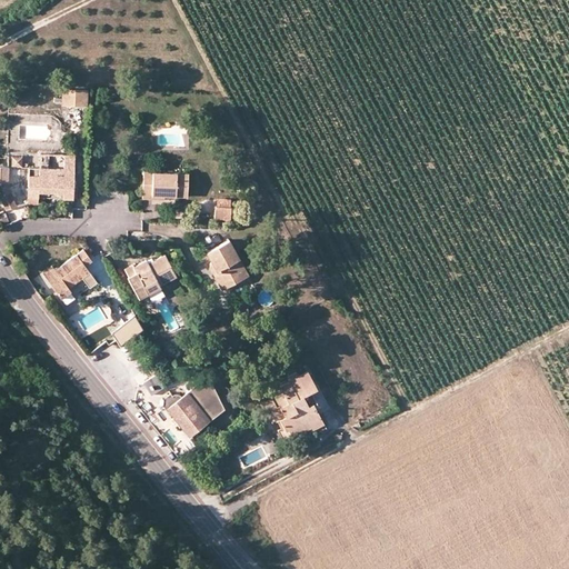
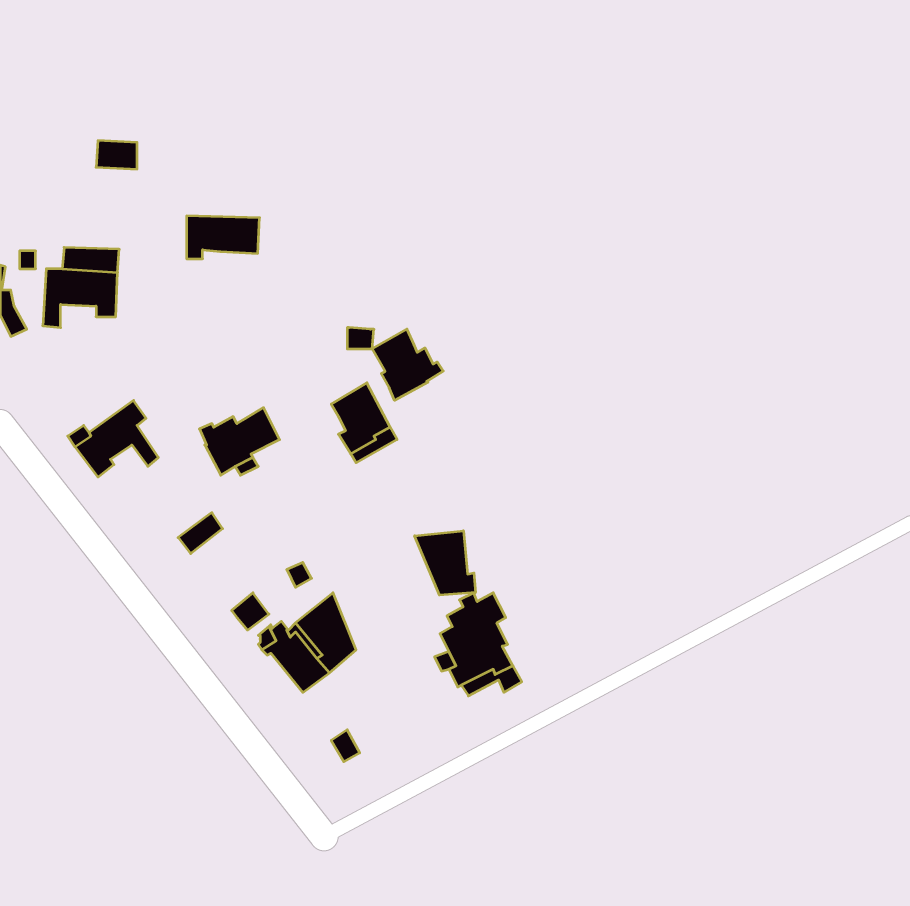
building: [143,174,189,201] -> [187,216,260,259]
building: none -> [372,329,443,400]
building: none -> [415,531,475,595]

